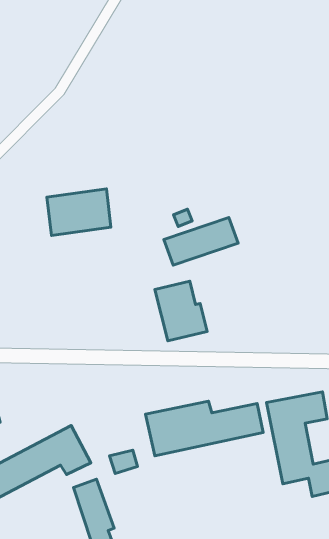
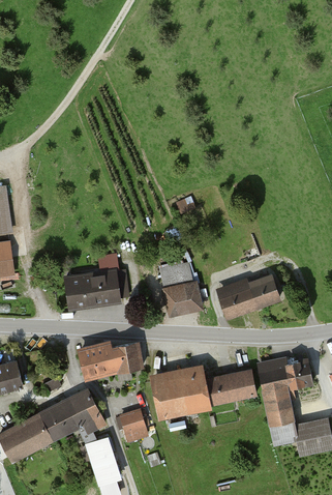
building: [47,189,111,235] -> [61,268,118,310]
building: [164,217,238,265] -> [217,276,283,319]
building: none -> [79,343,142,376]

